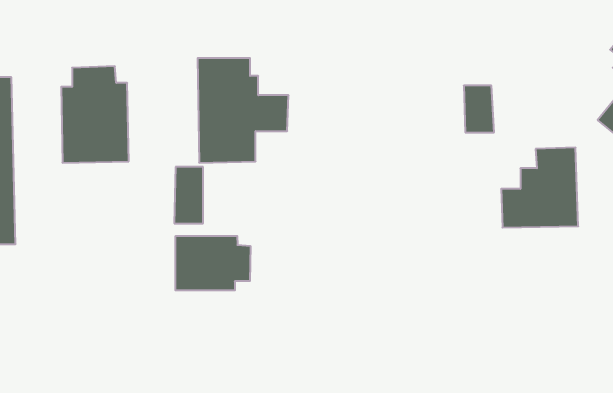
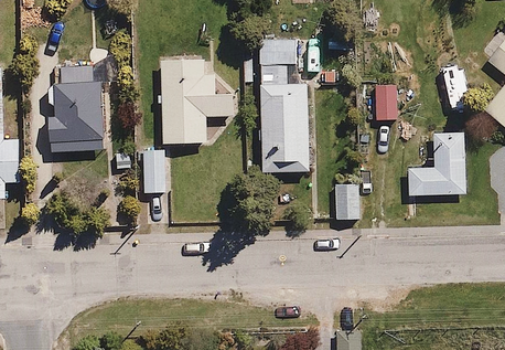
building: none -> [258,39,312,171]
building: none -> [334,182,361,221]
building: [175,236,250,290] -> none

